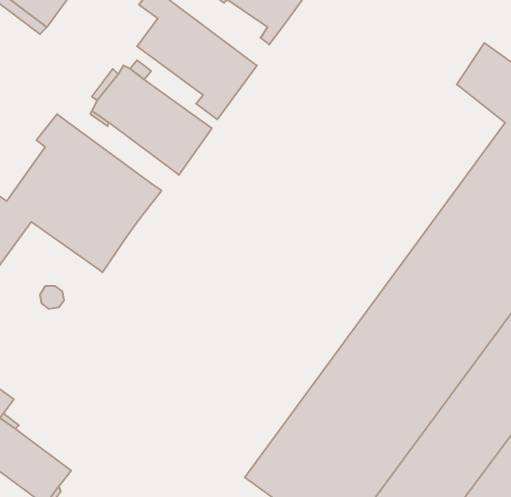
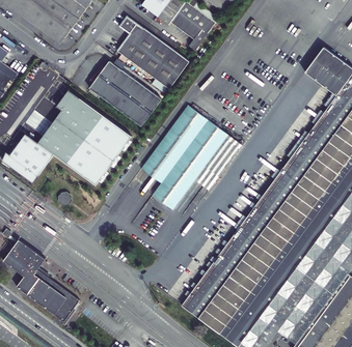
building: none -> [140,105,241,209]

